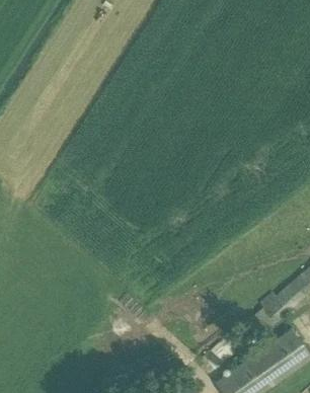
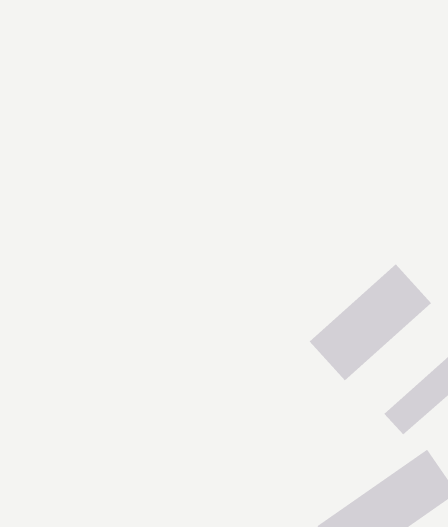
building: none -> [309,264,432,381]

